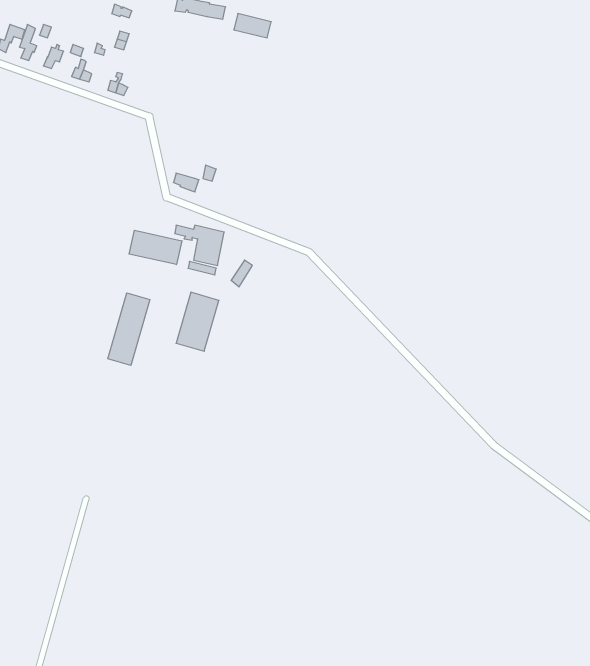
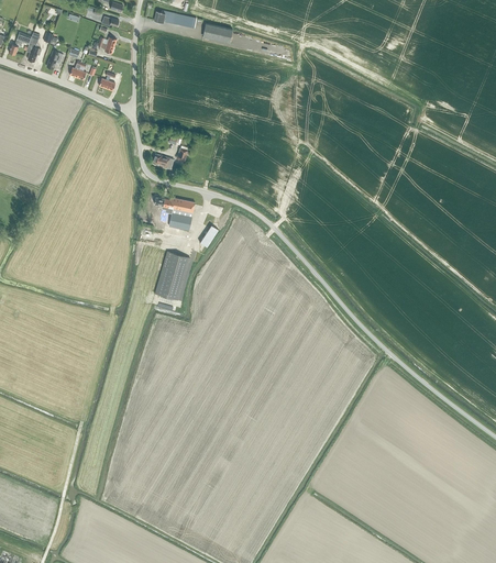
building: [129,230,182,265] -> none
building: [108,293,150,365] -> none

